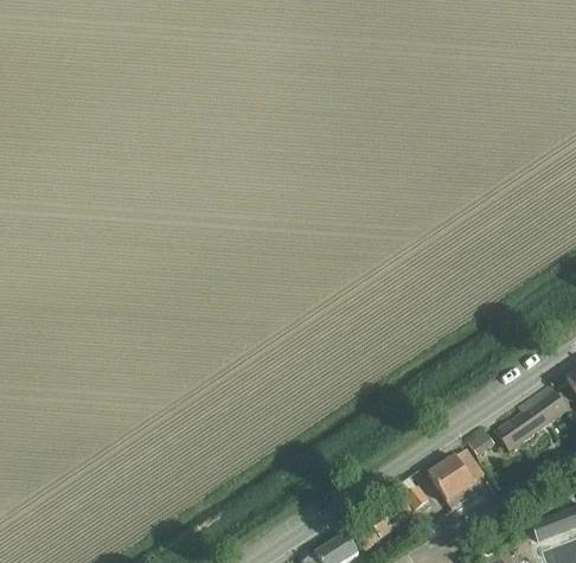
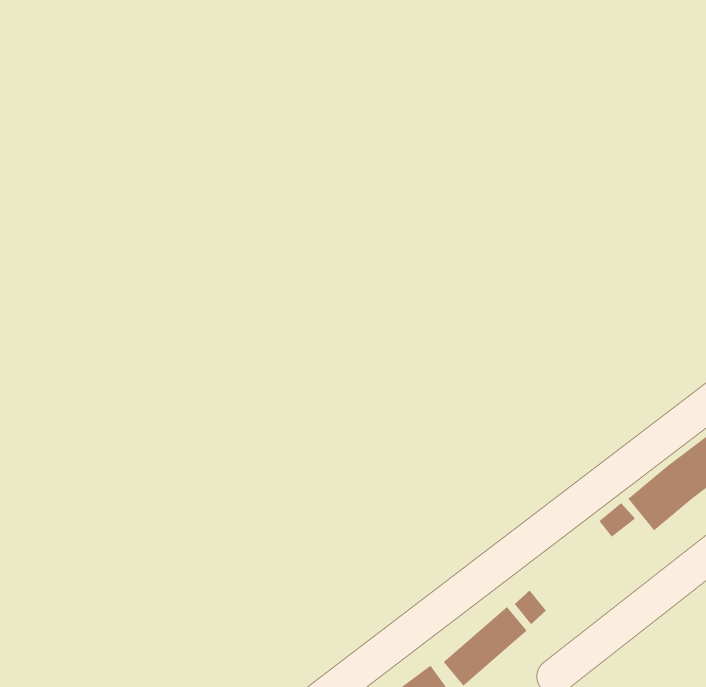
building: [428,449,484,501] -> none

